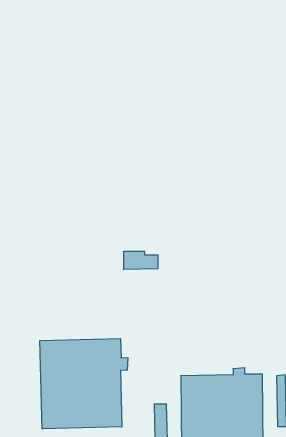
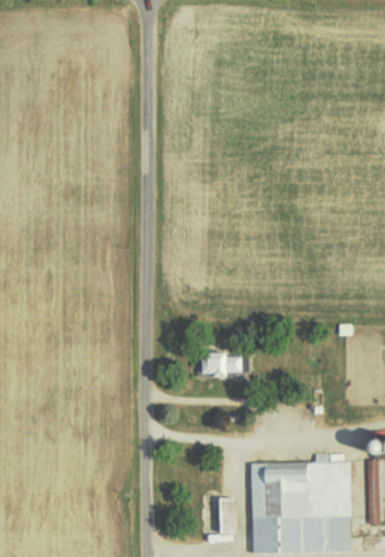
building: [123,252,158,269] -> [198,351,240,373]
building: [40,339,128,429] -> none

